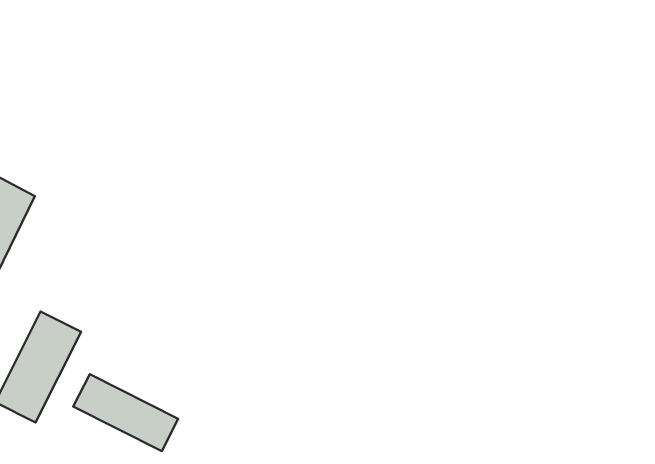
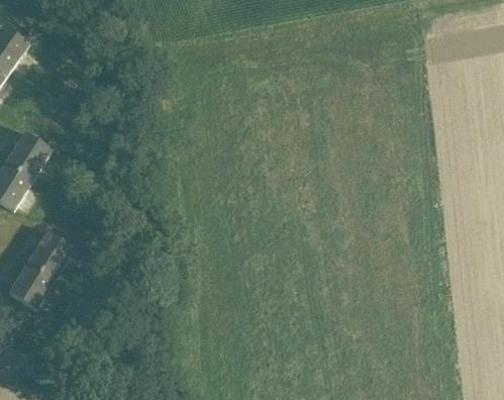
building: [73,374,178,451] -> none

